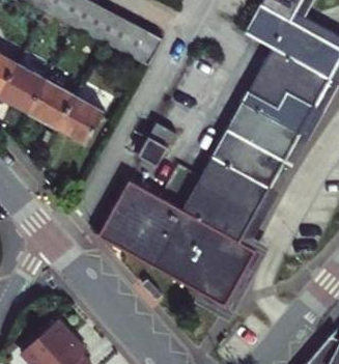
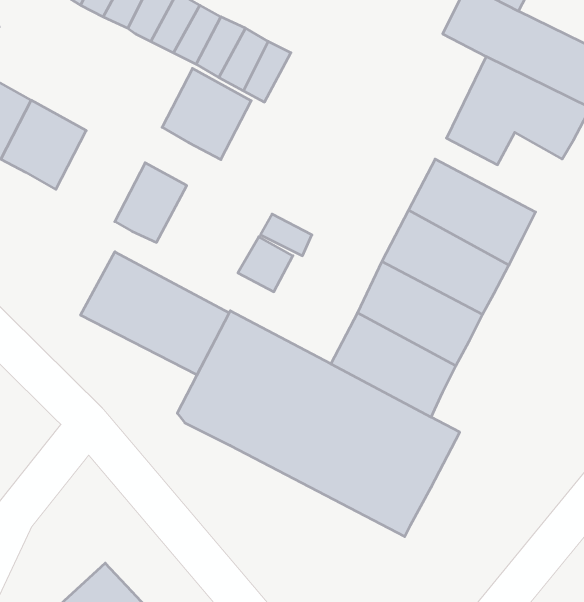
building: [33,83,82,133] -> [162,68,251,160]
building: [241,84,310,128] -> none
building: none -> [81,252,229,375]

